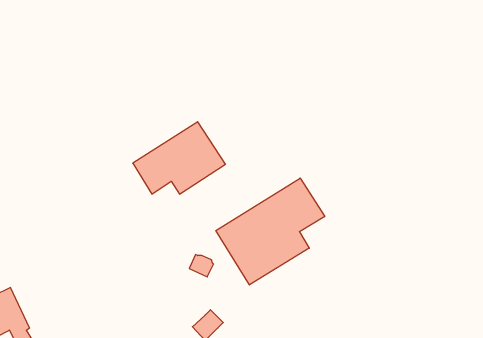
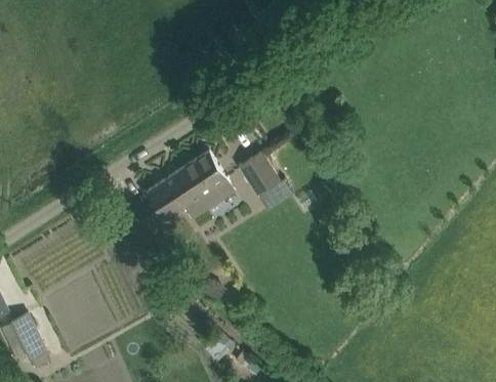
building: none -> [238,153,281,198]
building: [216,178,325,285] -> none

